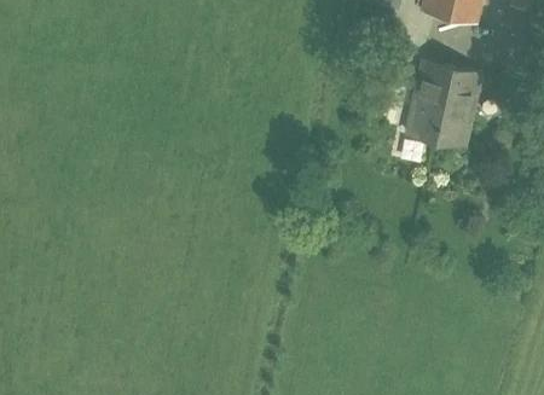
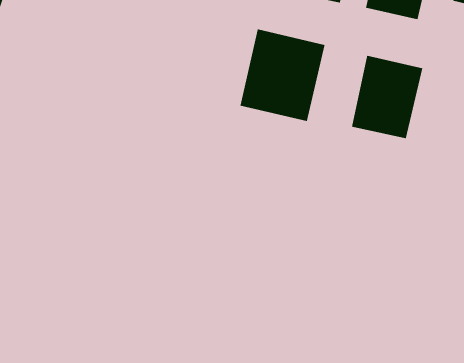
building: none -> [240,29,325,122]

